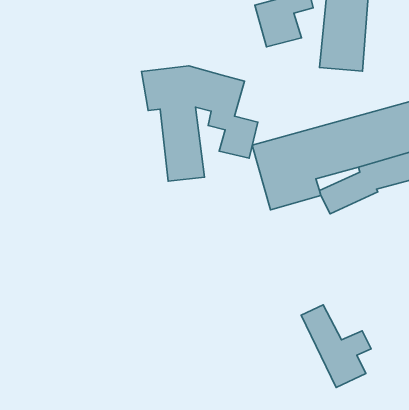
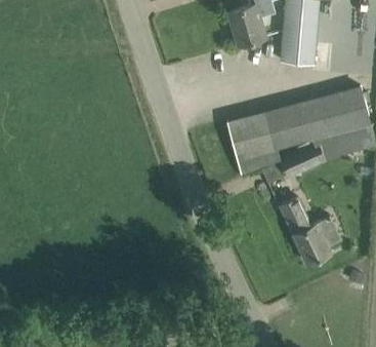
building: [141,66,258,181] -> none
building: [301,305,371,388] -> [280,198,335,264]

